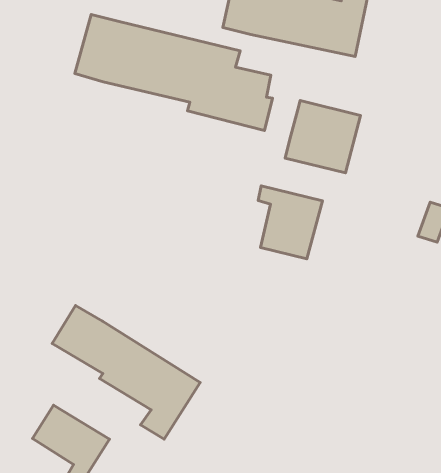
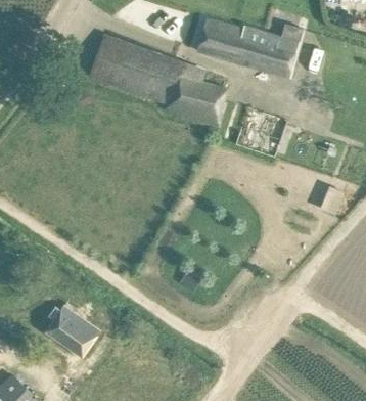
building: [258,186,322,259] -> none
building: [52,305,200,439] -> none

